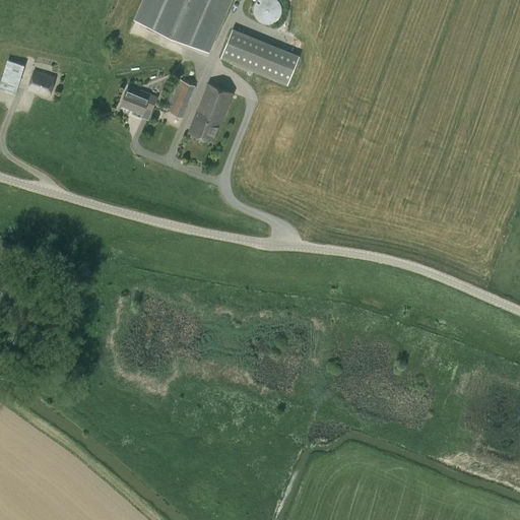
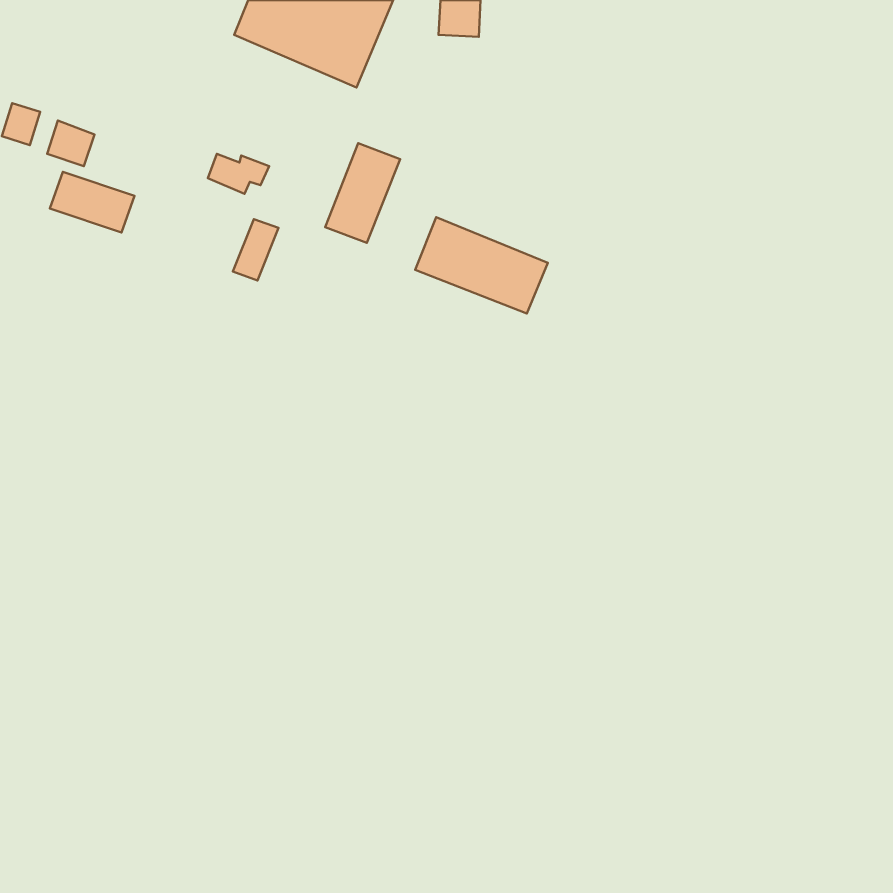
building: [222,29,300,85] -> [415,217,548,313]
building: [168,80,194,116] -> [233,219,278,280]
building: none -> [50,172,135,233]

